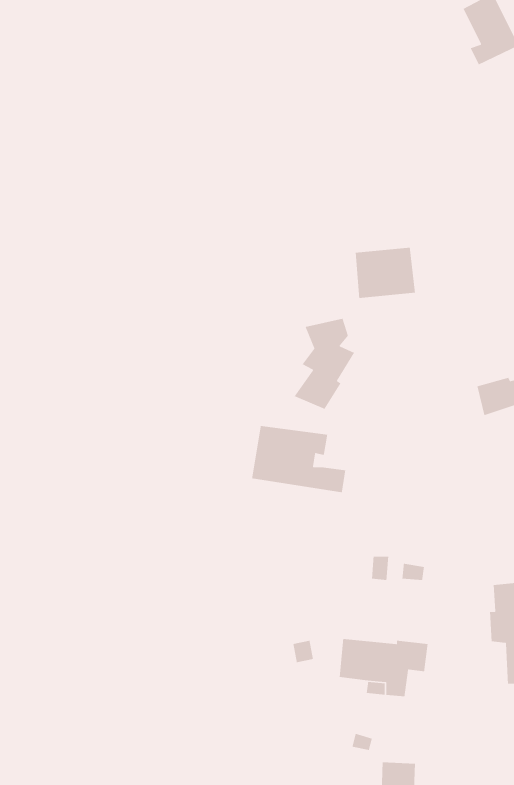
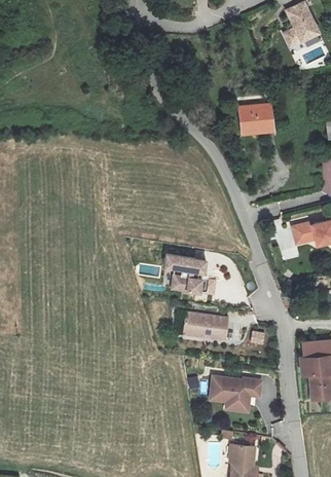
building: [355,247,416,299] -> [240,104,274,134]
building: [294,318,355,410] -> none
building: none -> [182,313,226,339]

